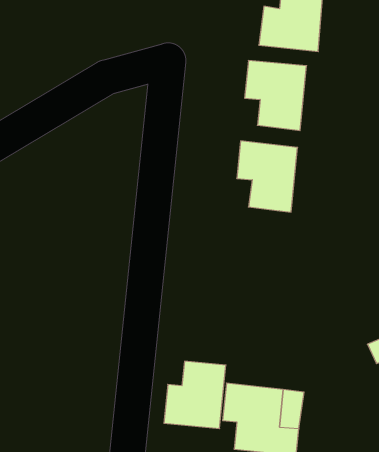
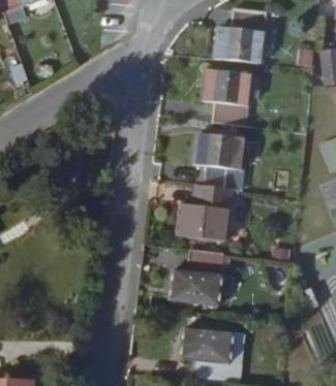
building: none -> [178,186,228,240]
building: [164,361,226,429] -> [172,250,221,303]

